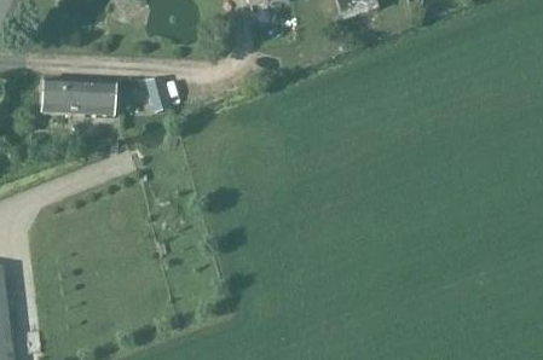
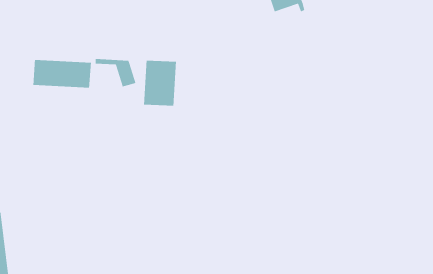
building: none -> [143,60,177,106]

